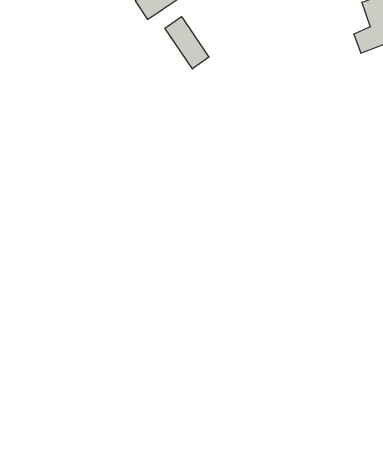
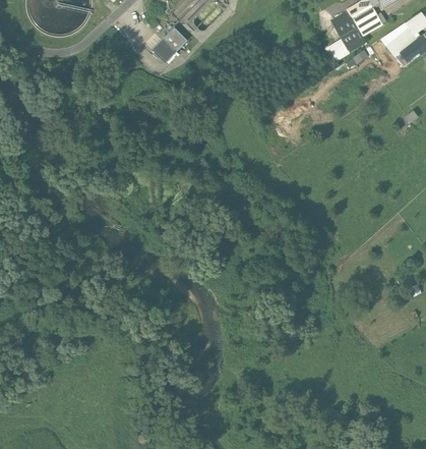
building: [165,17,209,69] -> none

